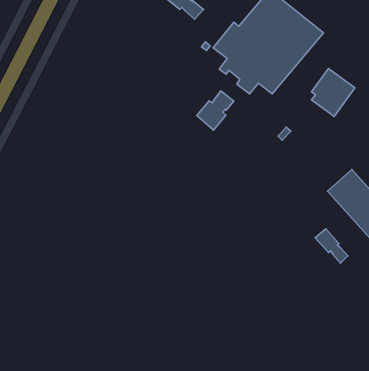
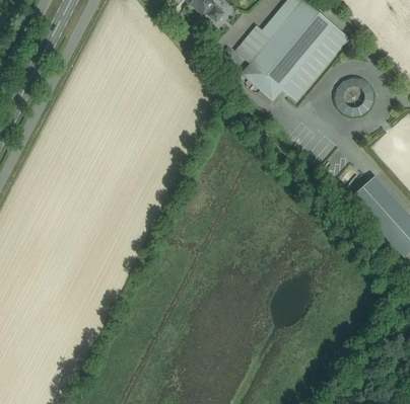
building: [197,91,234,130] -> none
building: [315,229,348,263] -> none

